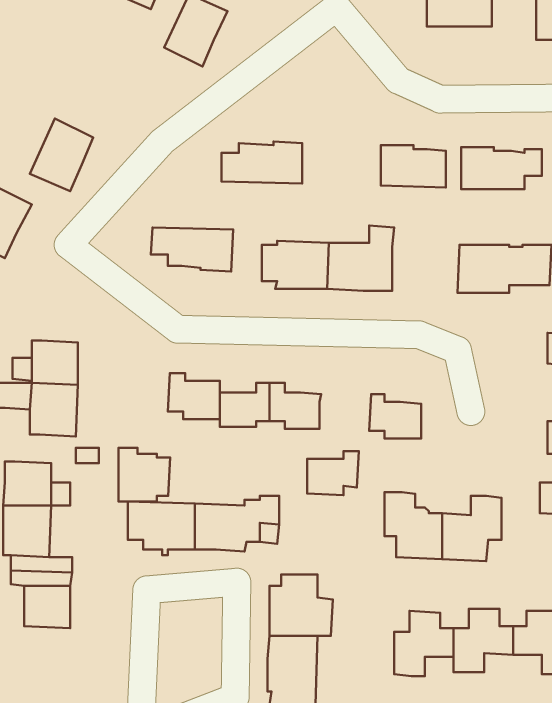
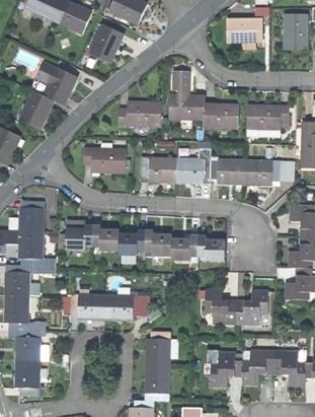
building: none -> [30,65,76,105]
building: none -> [170,71,204,119]
building: none -> [210,156,245,183]
building: [118,448,170,502] -> [65,220,92,249]
building: [307,451,359,495] -> [171,236,199,260]
building: none -> [14,359,40,388]

